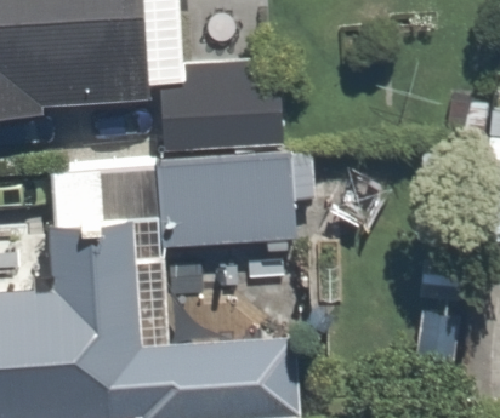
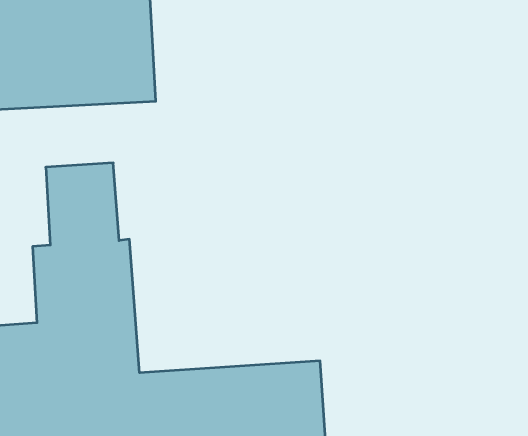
building: [159,50,290,147] -> none
building: [163,155,307,251] -> none

